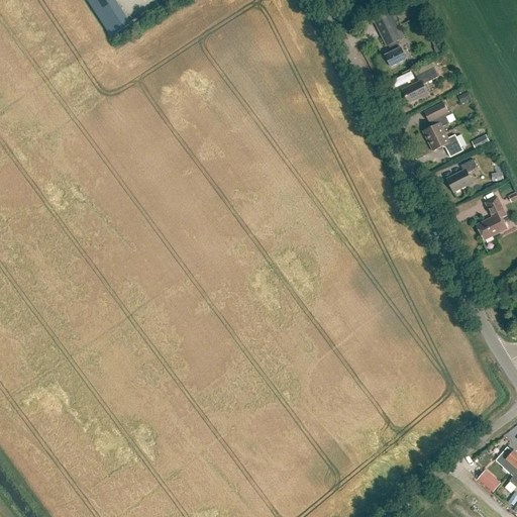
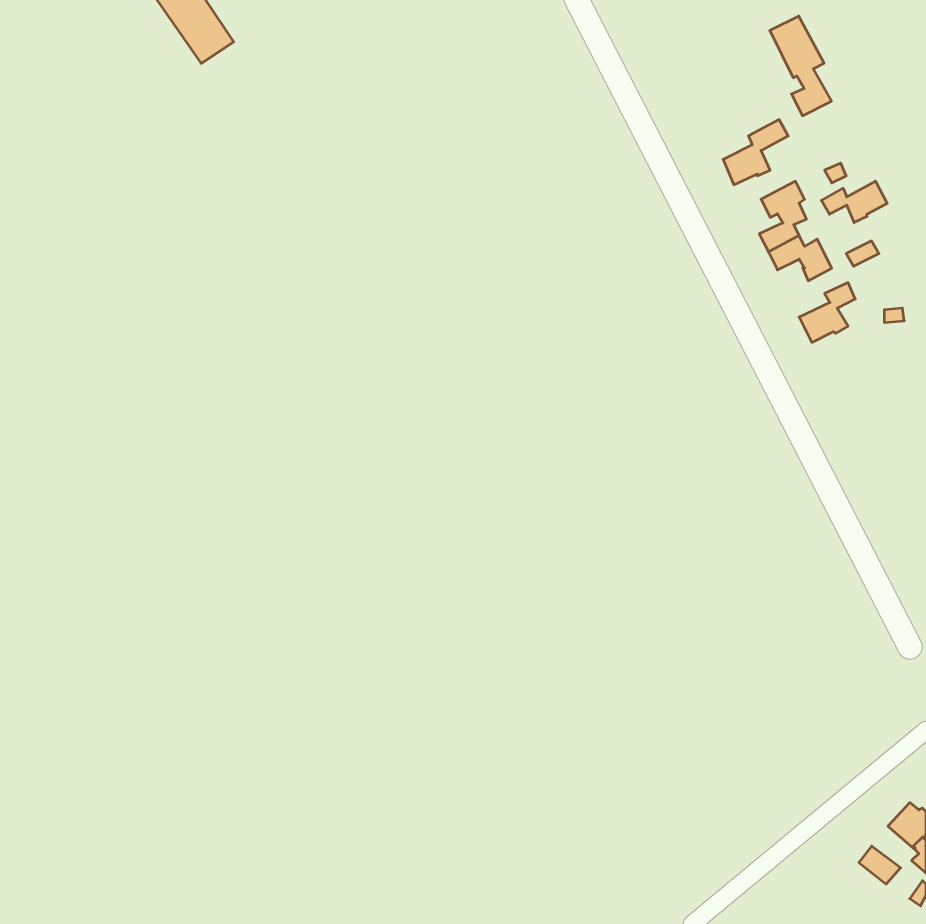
building: [374,11,408,67] -> [770,16,831,116]
building: none -> [821,181,887,223]
building: [476,195,507,238] -> none

